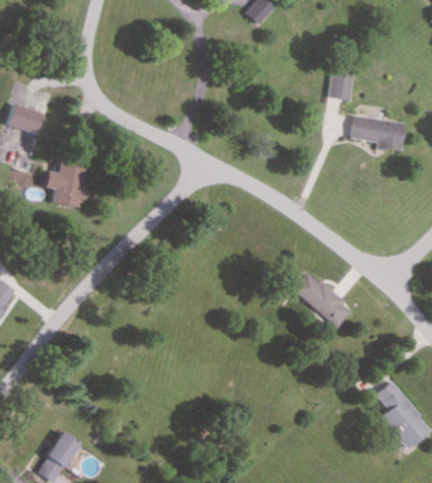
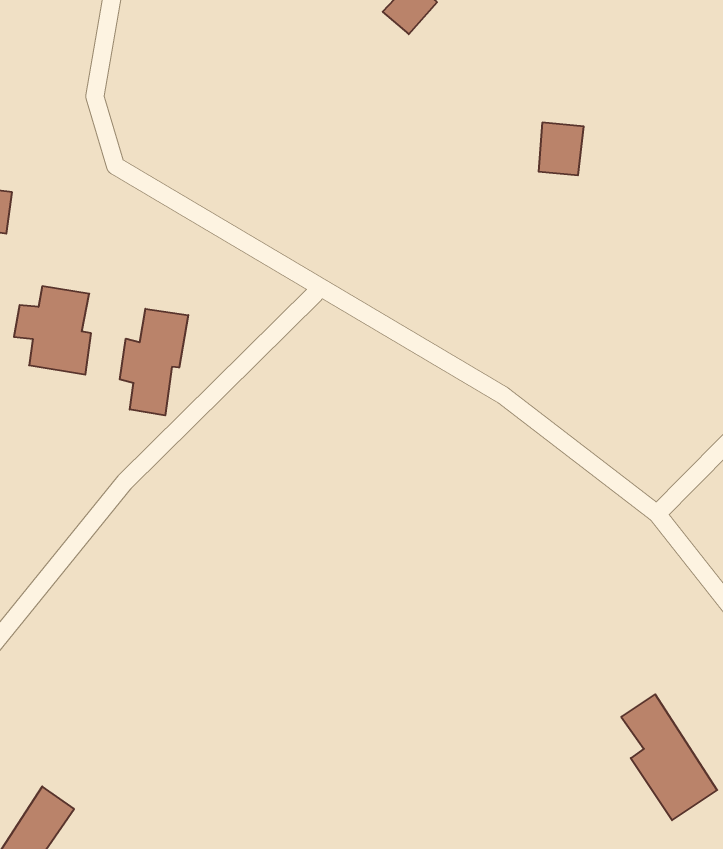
building: [351,116,405,151] -> none
building: none -> [120,309,188,415]
building: [292,270,352,329] -> none

